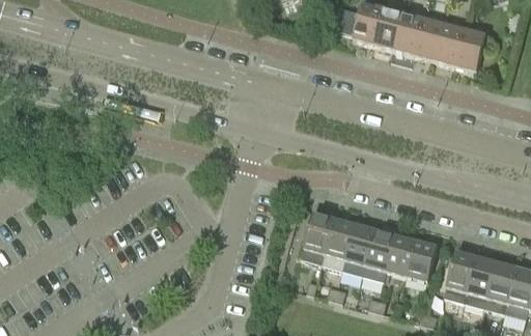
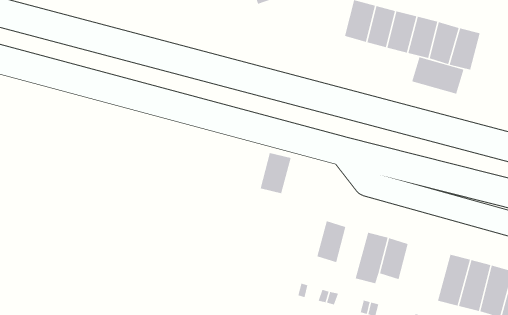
building: none -> [412,56,464,95]
building: [303,214,334,254] -> [260,152,292,194]
building: [342,225,374,276] -> none
building: [406,242,437,282] -> none

